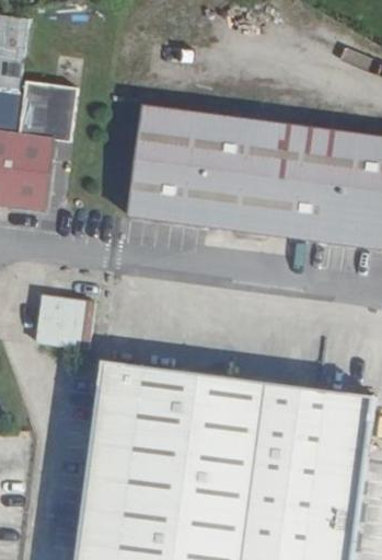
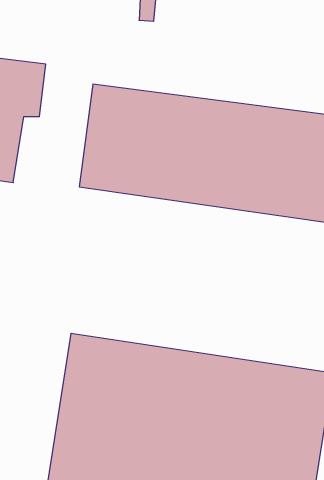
building: [36,293,93,347] -> none

